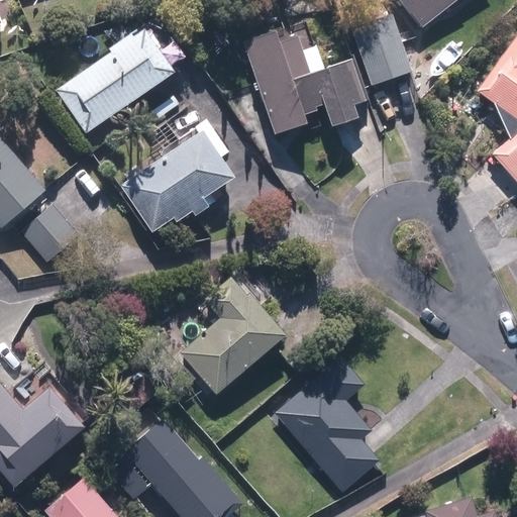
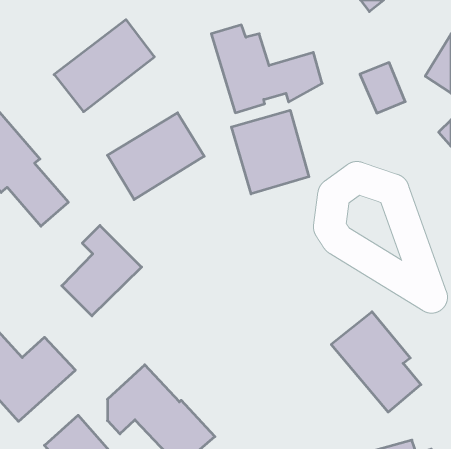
building: [350,12,402,70] -> [360,63,405,113]
building: none -> [231,110,309,194]
building: [189,283,280,386] -> [62,225,142,316]
building: [277,376,379,490] -> [331,312,421,412]

